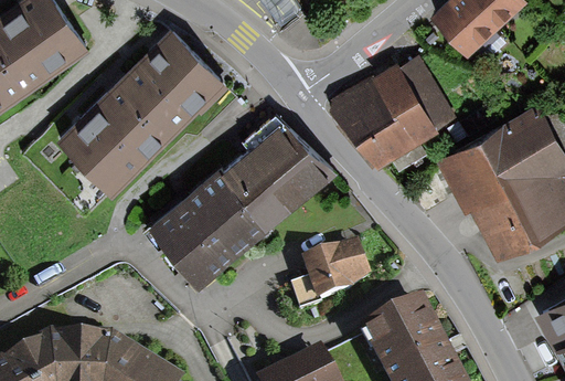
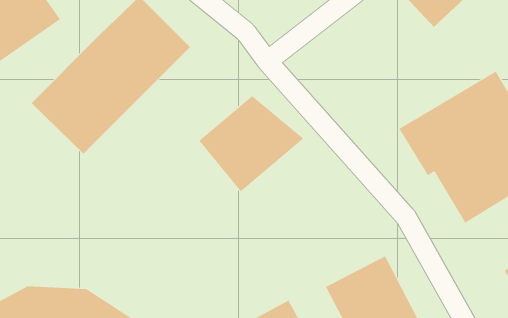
building: [333,55,457,171] -> none
building: [149,171,270,292] -> none
building: [292,239,370,307] -> none

